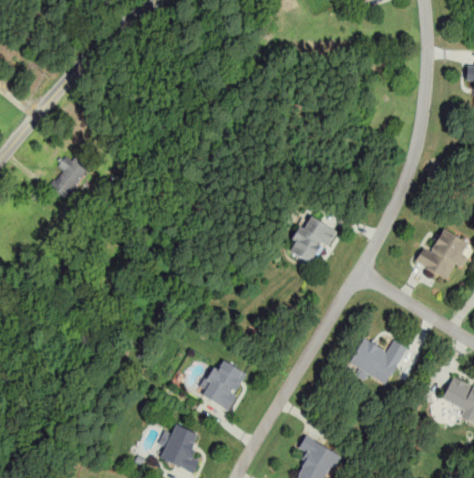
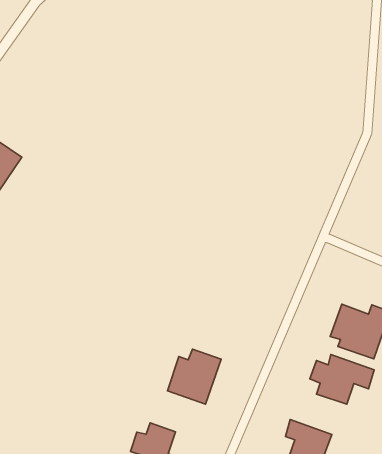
building: [287,213,337,262] -> none
building: none -> [310,355,374,404]

